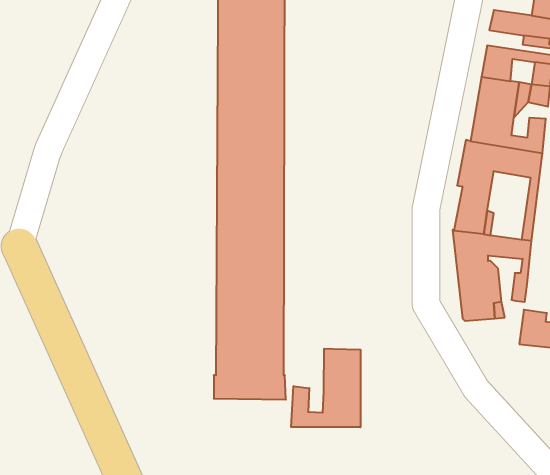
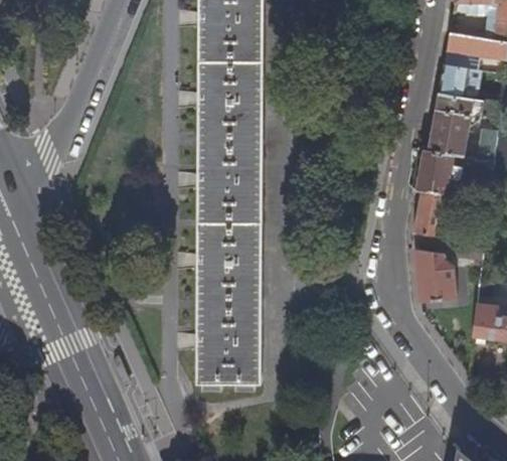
building: [291,349,360,427] -> none

